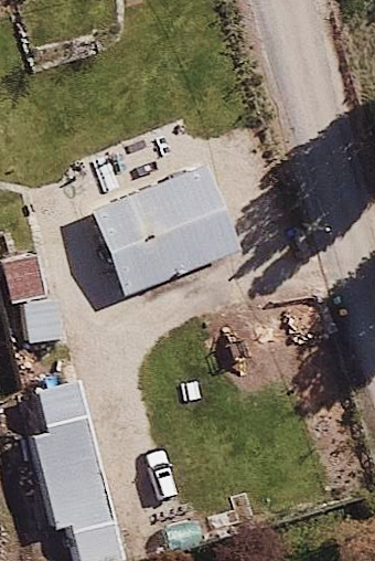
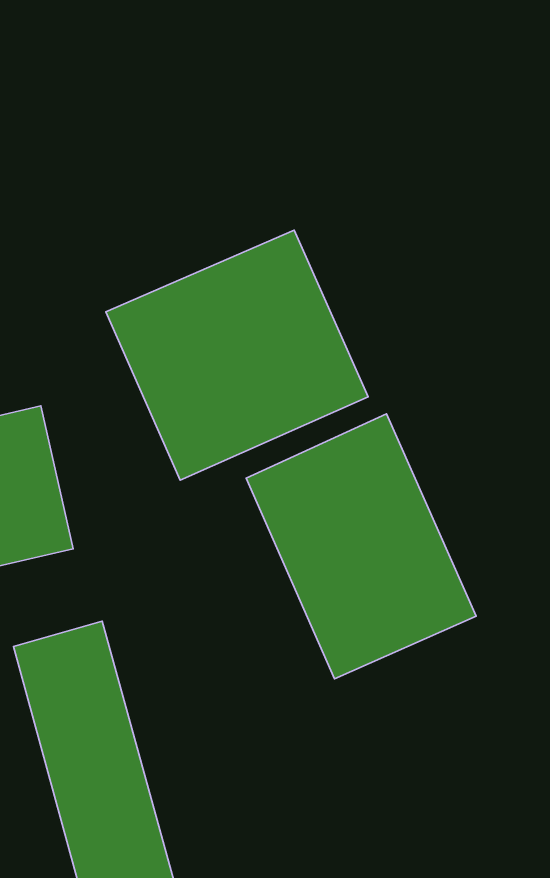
building: none -> [246,414,476,679]

